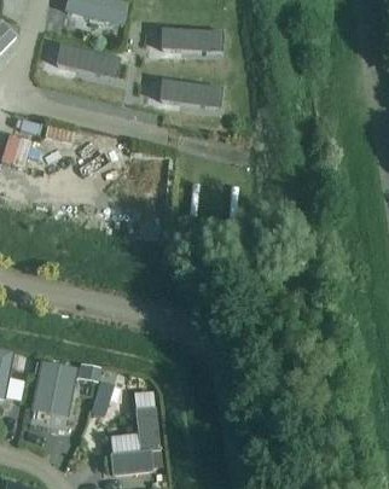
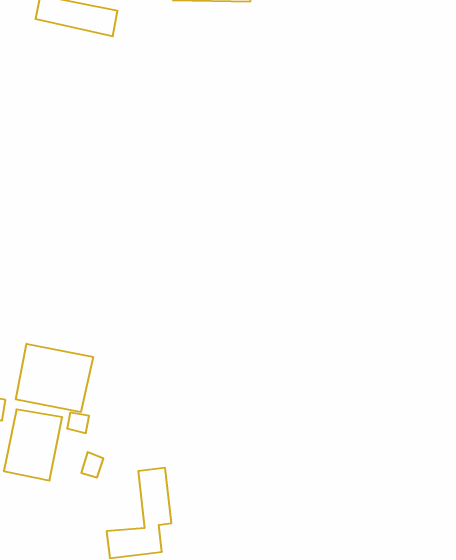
building: [158,80,221,106] -> none
building: none -> [16,344,93,412]

